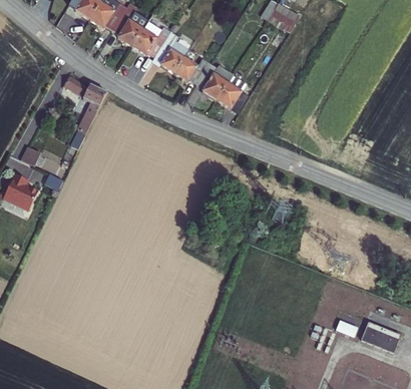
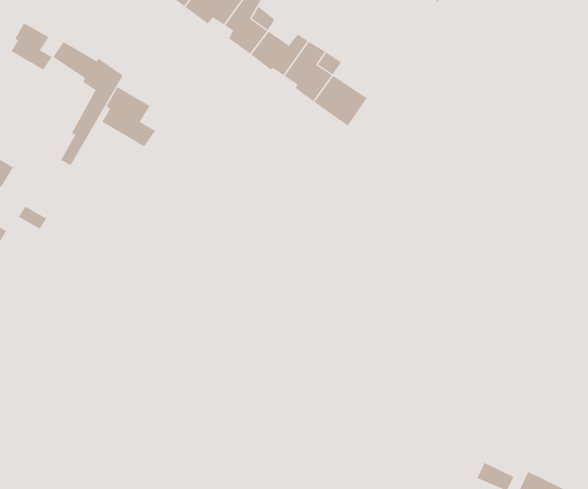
building: none -> [11,22,52,71]
building: none -> [101,86,156,147]

